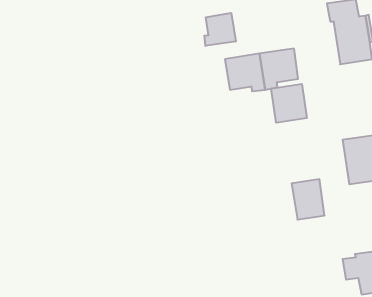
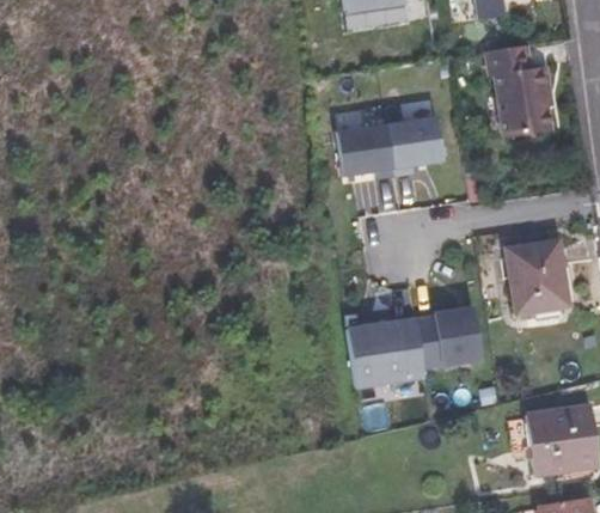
building: [204,13,236,46] -> none
building: [271,84,307,123] -> none
building: none -> [345,317,425,387]

